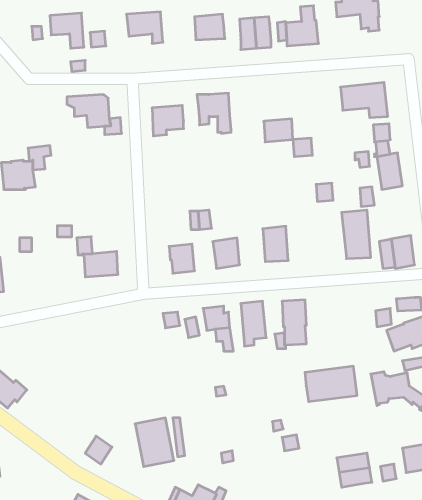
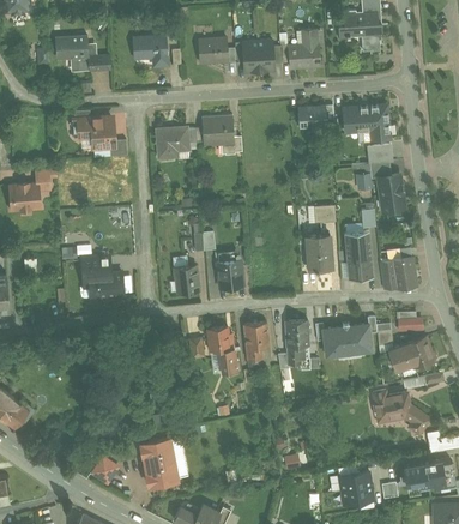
building: [264,119,293,142] -> [298,107,327,130]
building: [263,226,288,262] -> [307,235,332,270]
building: [305,366,357,402] -> [322,321,374,356]

